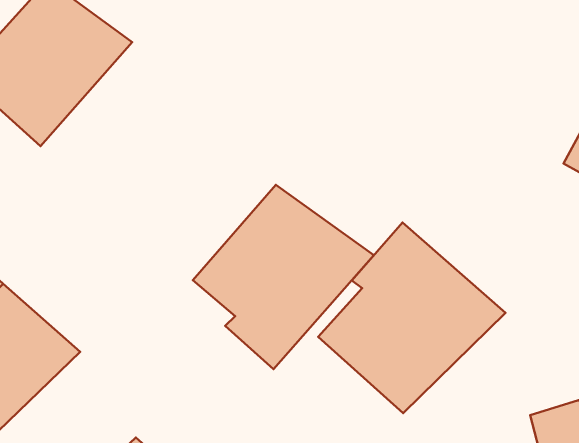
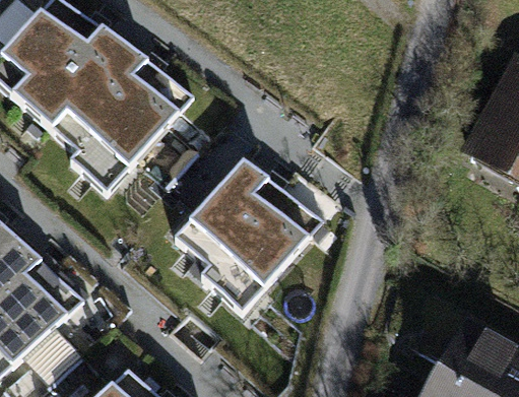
building: none -> [50,45,193,194]
building: [318,222,505,413] -> none

